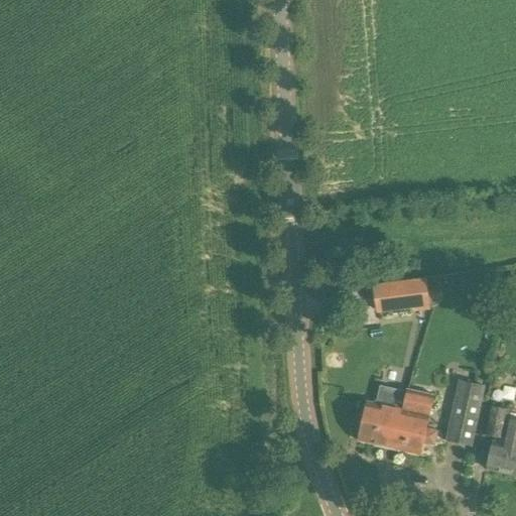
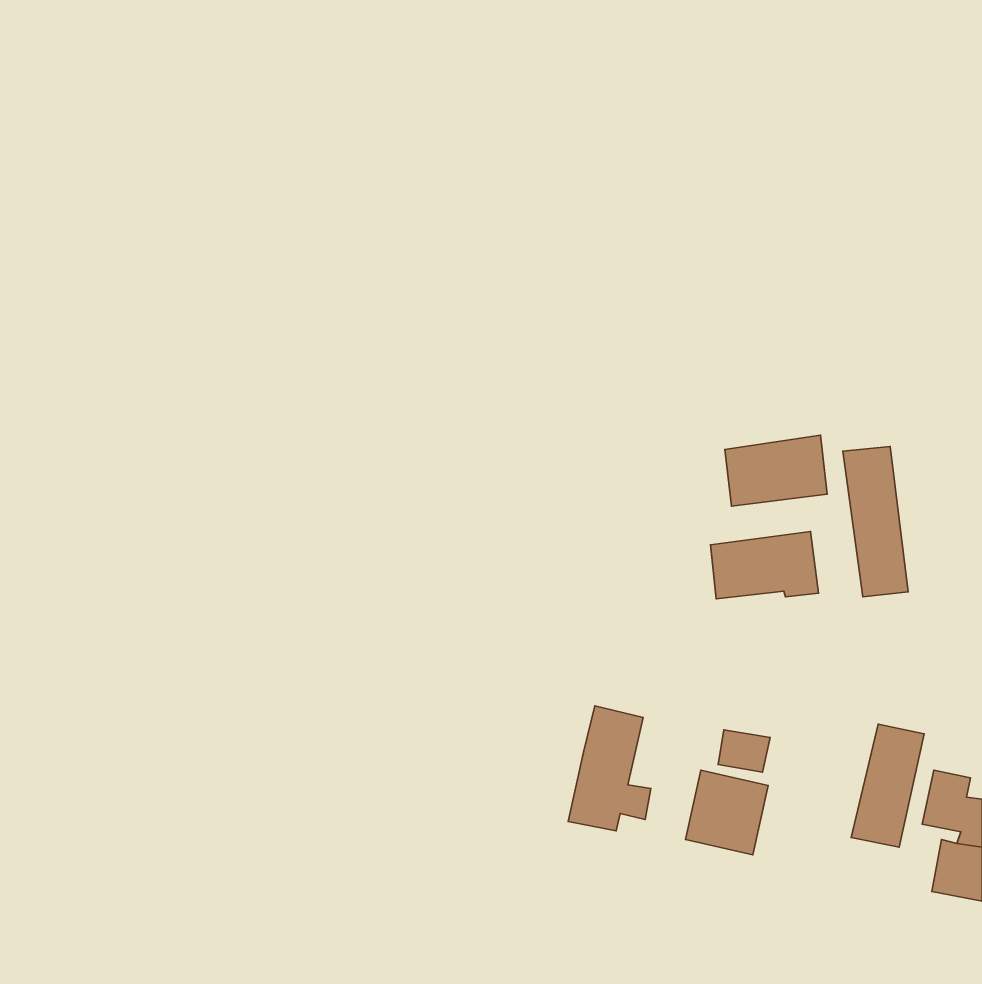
building: none -> [725,435,827,506]
building: none -> [843,446,908,597]
building: [394,387,437,453] -> [568,706,651,831]

